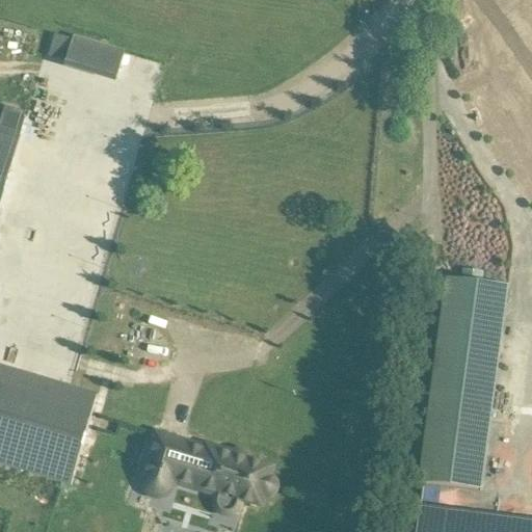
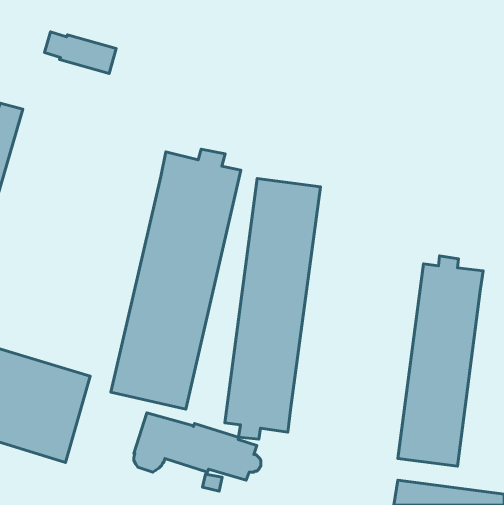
building: none -> [111,149,241,409]
building: none -> [225,178,320,439]

